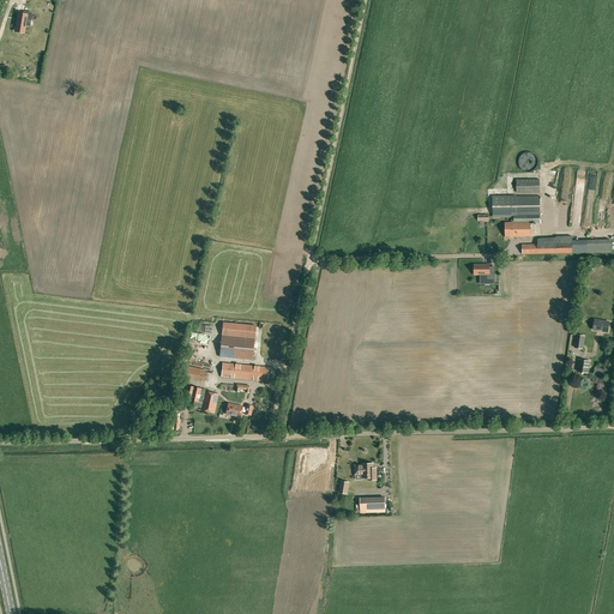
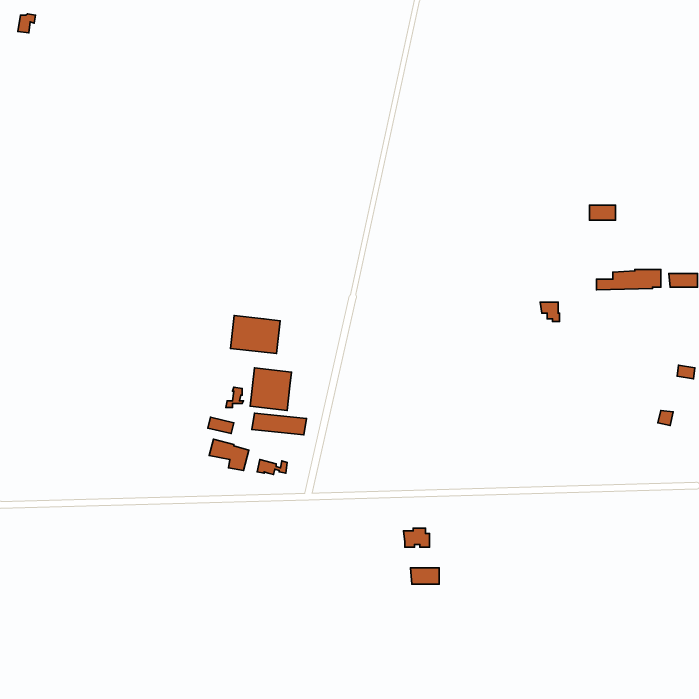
building: [493,197,541,237] -> none
building: none -> [231,316,280,354]

